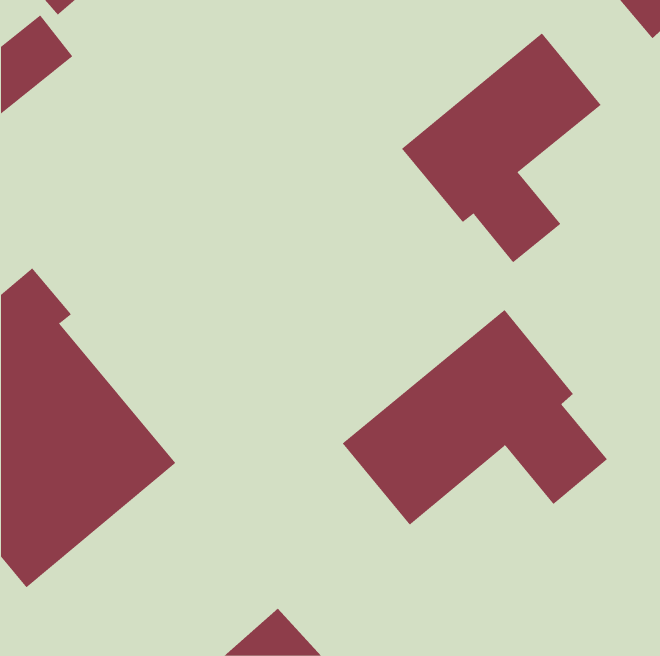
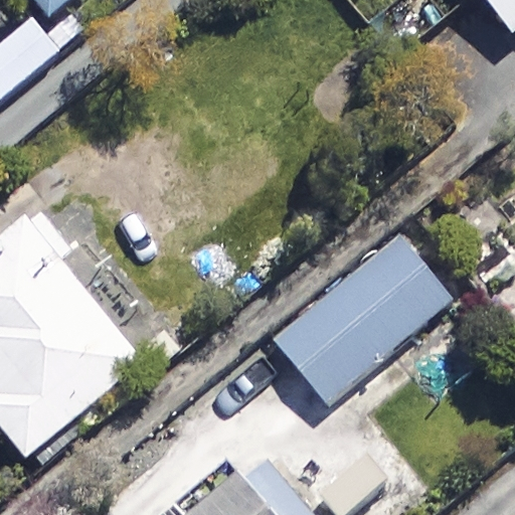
building: [401,33,602,263] -> none

